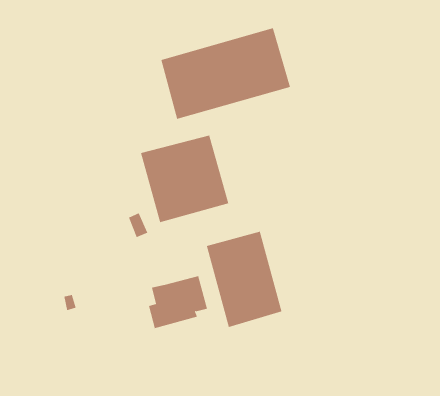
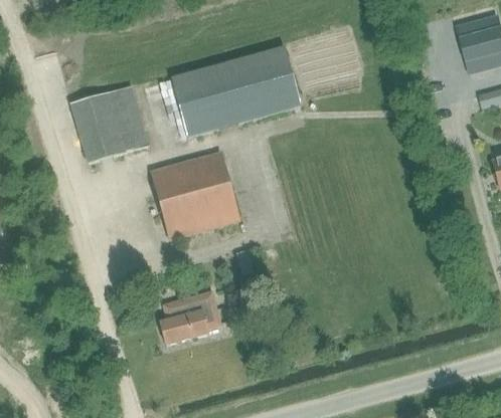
building: none -> [70,85,147,162]
building: [206,231,282,328] -> none

